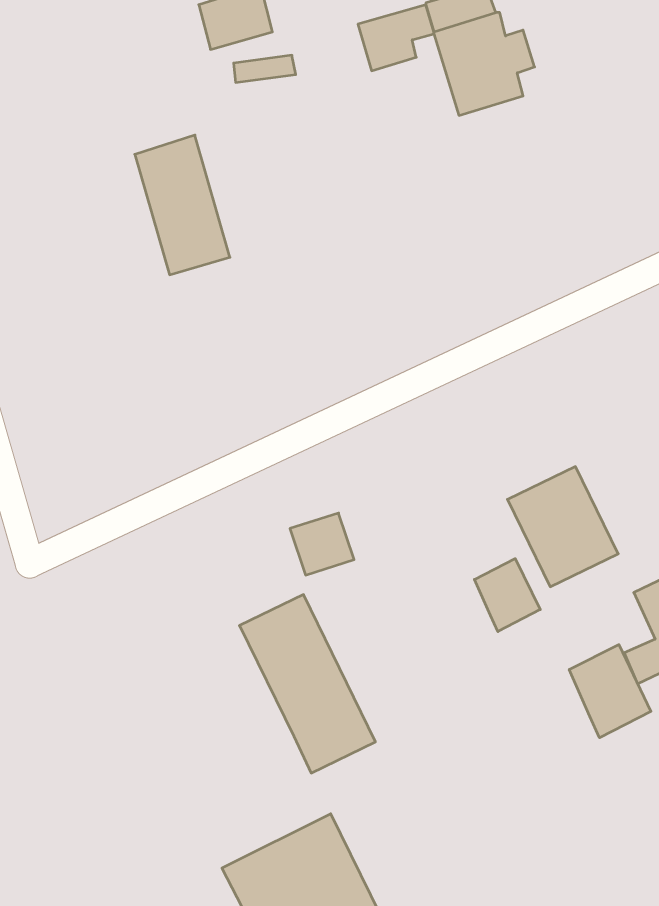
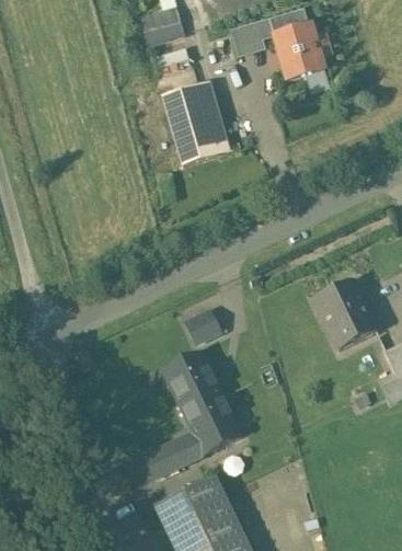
building: [135,135,230,275] -> [163,85,217,164]
building: [474,559,540,632] -> none
building: [569,645,651,738] -> none
building: none -> [145,433,204,477]

